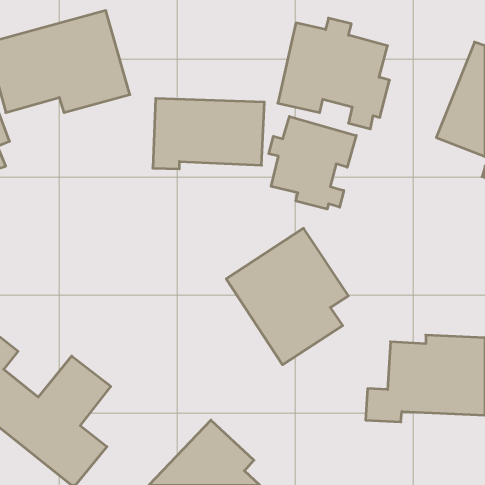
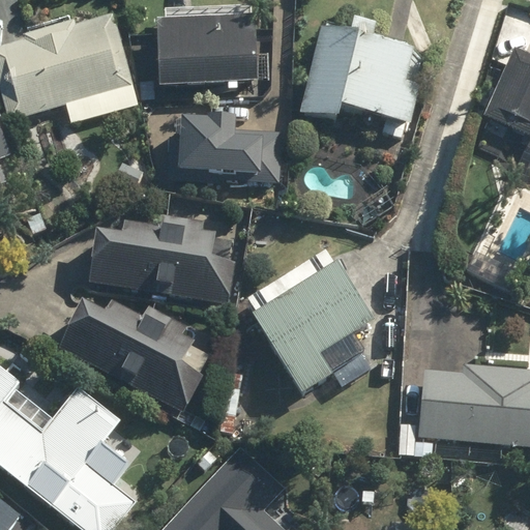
building: none -> [163,20,261,87]
building: [269,116,356,209] -> none
building: none -> [89,209,238,304]
building: none -> [61,301,222,413]

